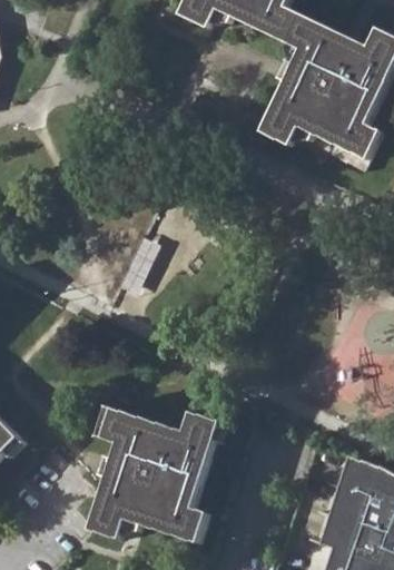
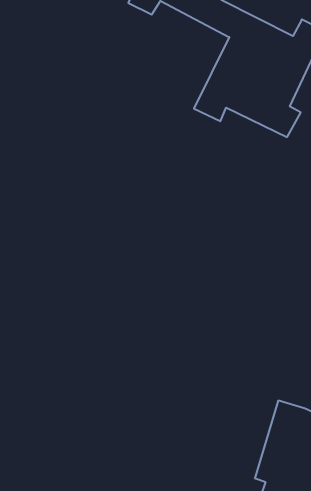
building: [87,415,228,546] -> none

